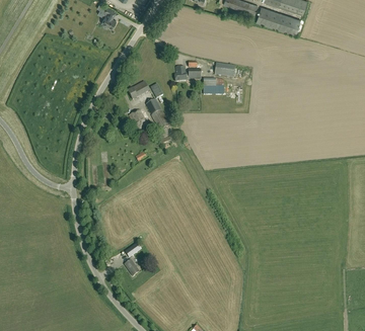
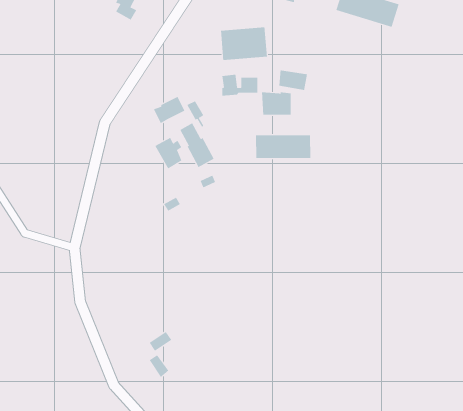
building: none -> [220,27,267,61]
building: none -> [256,134,311,159]

